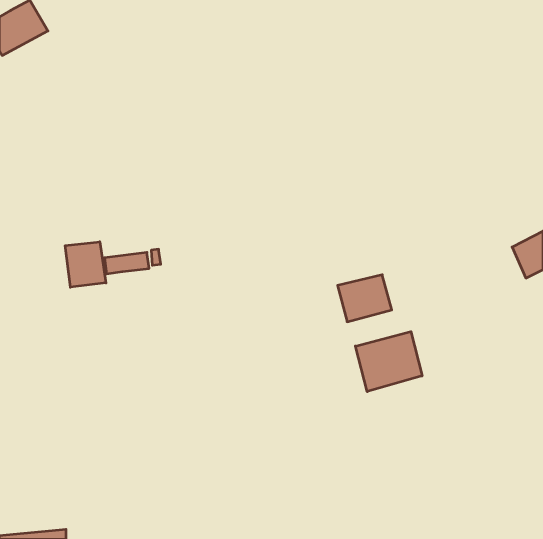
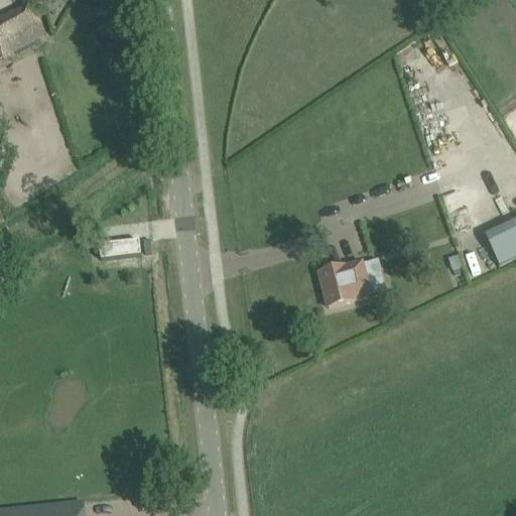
building: [65,242,106,287] -> none
building: [355,332,422,392] -> none

